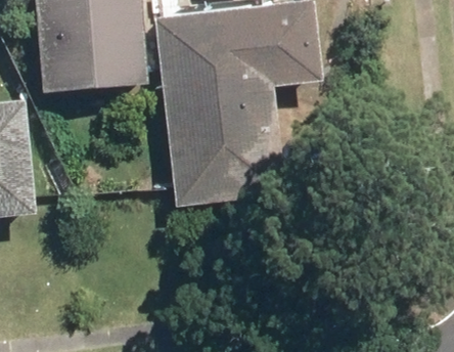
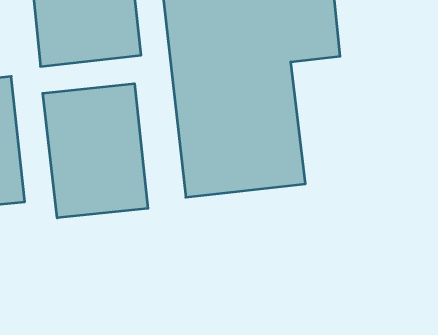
building: none -> [43,84,148,218]

